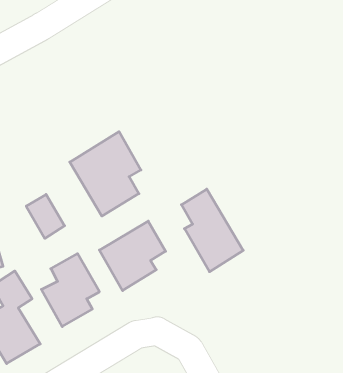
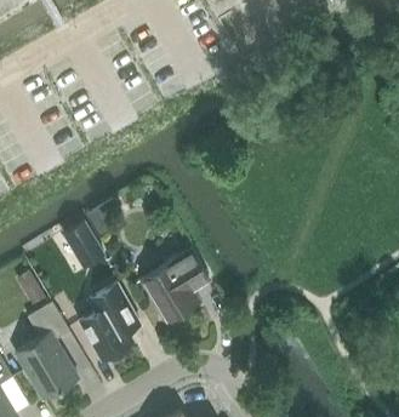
building: [70,132,141,216] -> none
building: [181,189,243,272] -> none

